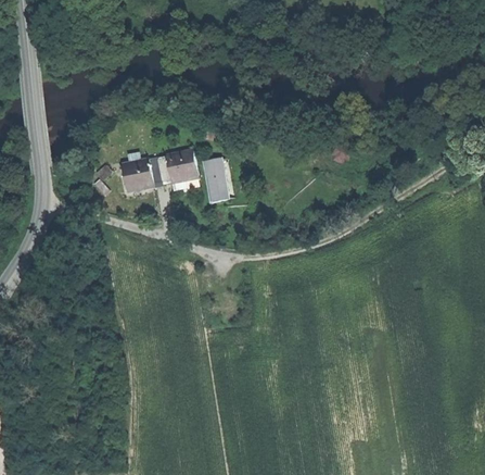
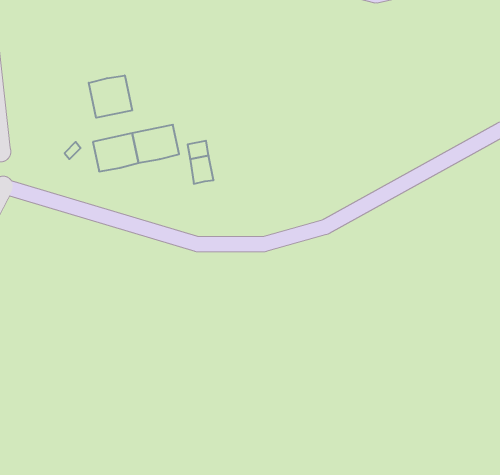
building: none -> [89,75,132,118]

